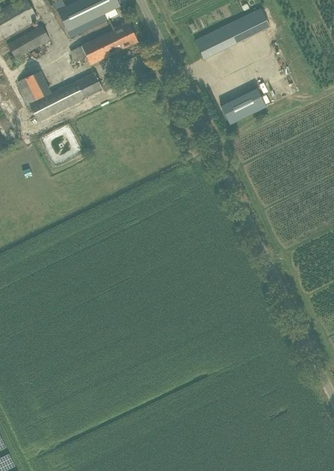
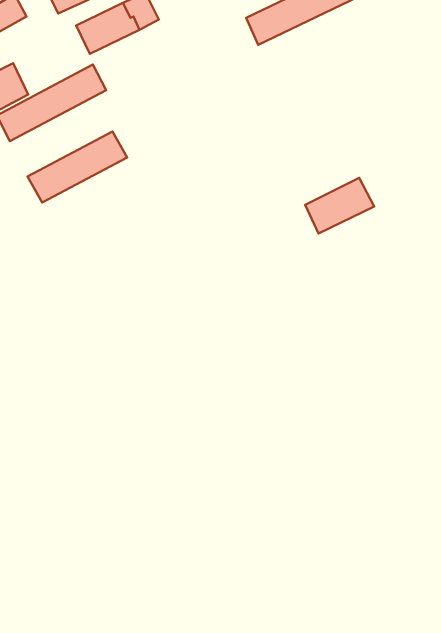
building: [220,88,266,125] -> [305,178,374,233]
building: none -> [27,131,127,203]

